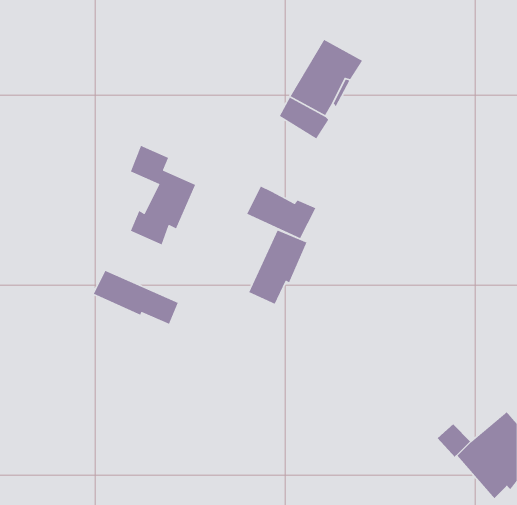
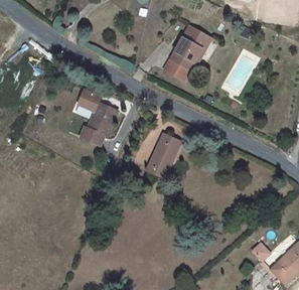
building: [246,186,316,239] -> none
building: [93,270,179,325] -> none

